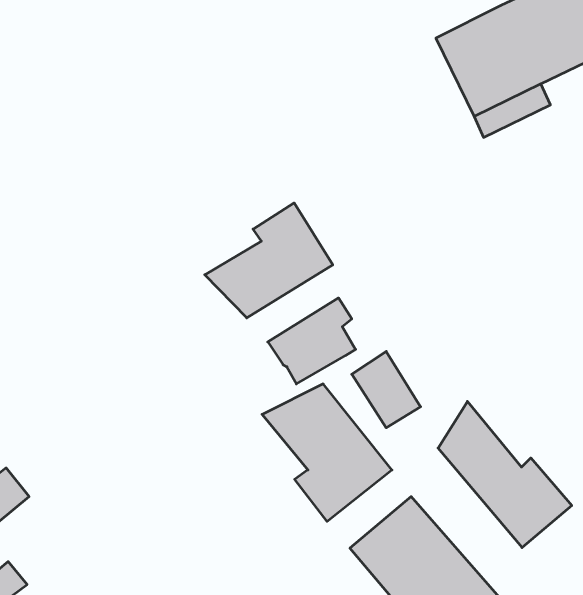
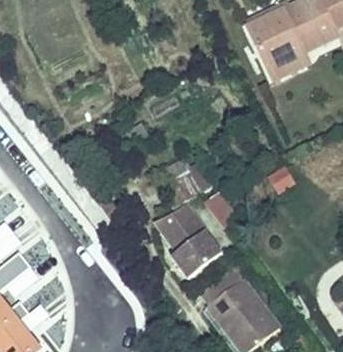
building: [205,203,333,318] -> none
building: [438,401,572,548] -> none

